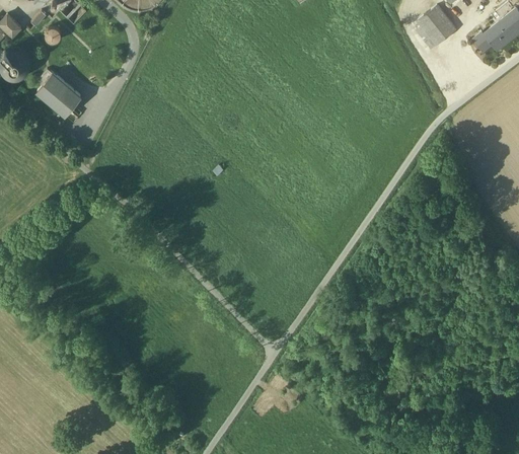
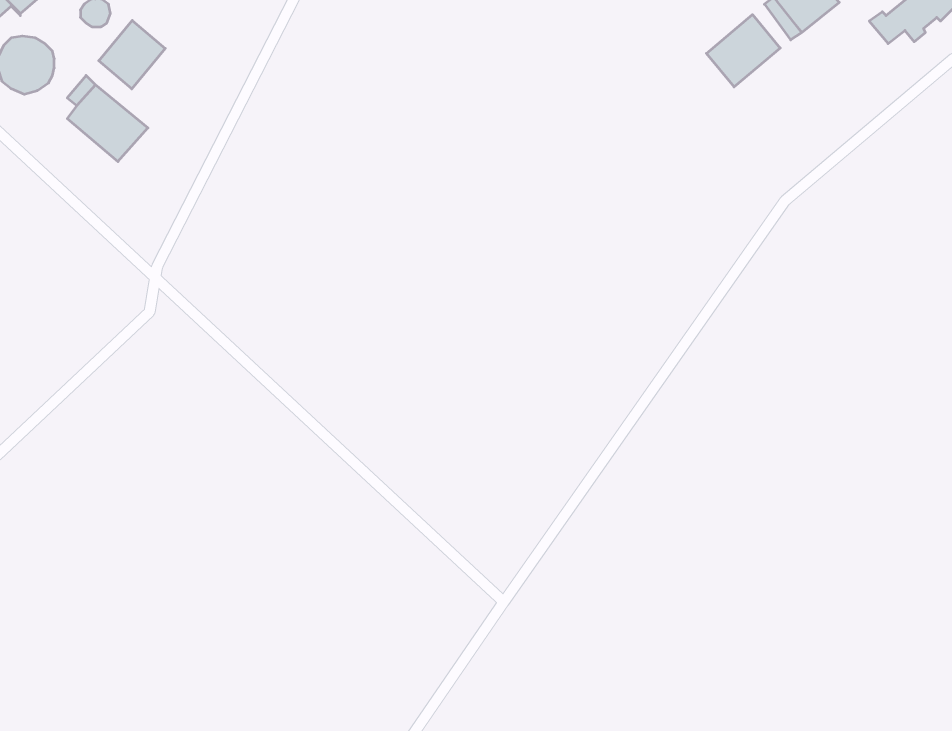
building: none -> [706,15,780,87]
building: none -> [99,20,165,89]

